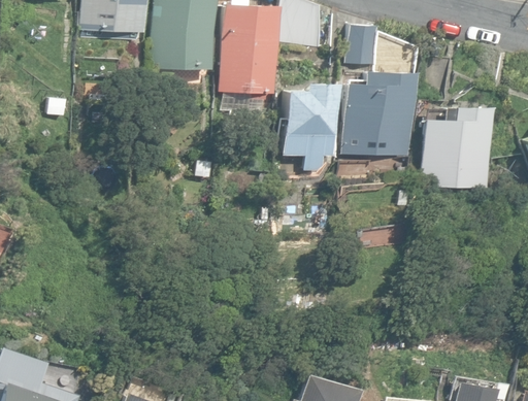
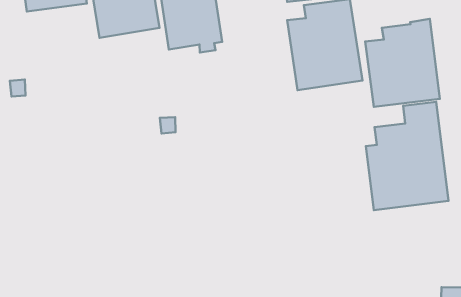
building: [284,82,336,172] -> none
building: none -> [366,102,449,210]

